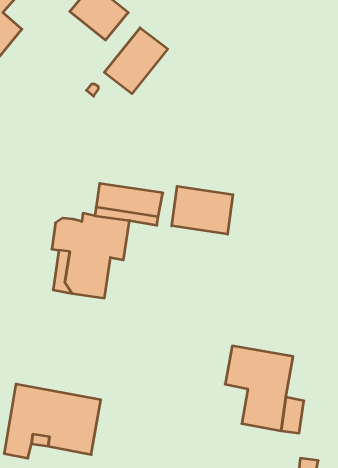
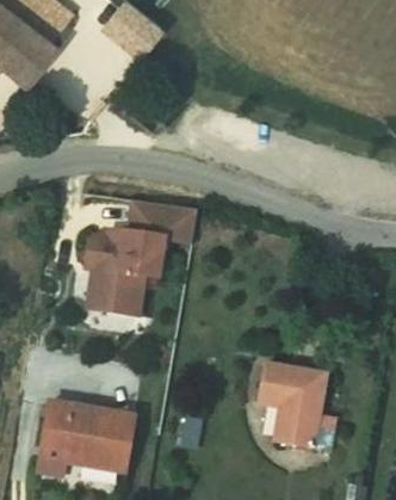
building: [104,28,168,94] -> none
building: [172,186,233,234] -> none

